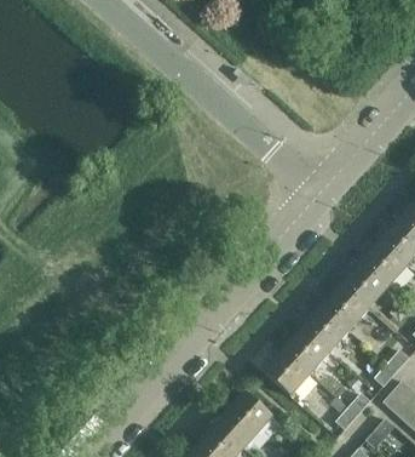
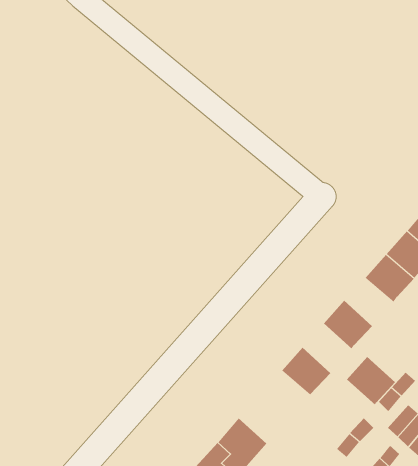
building: [345,261,391,305] -> none
building: [306,303,352,349] -> [346,356,396,406]
building: [266,347,313,393] -> none

